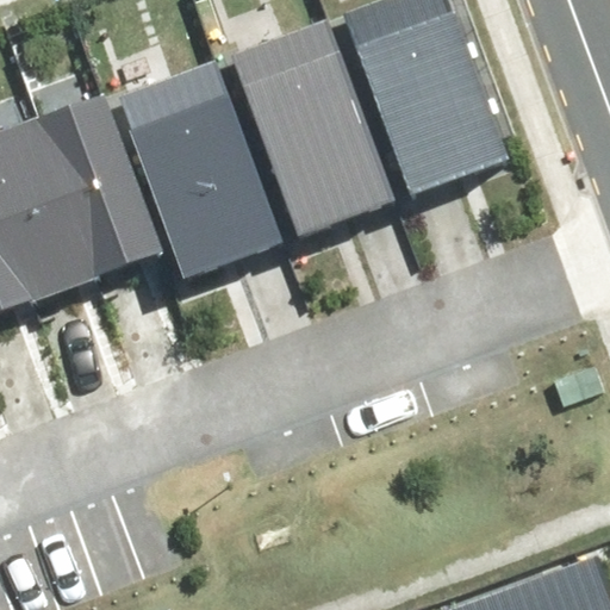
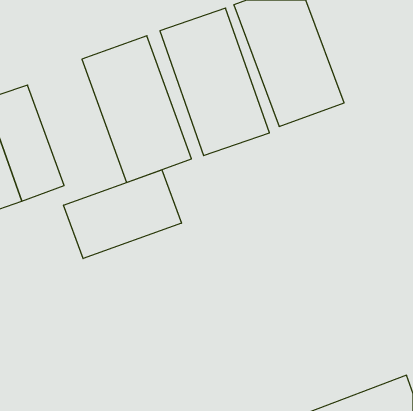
building: [41,107,156,278] -> none
building: none -> [64,170,181,259]

